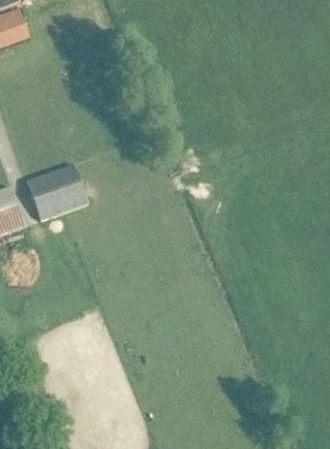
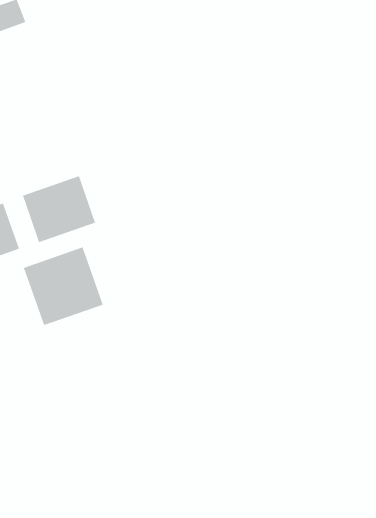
building: none -> [23,247,104,326]

